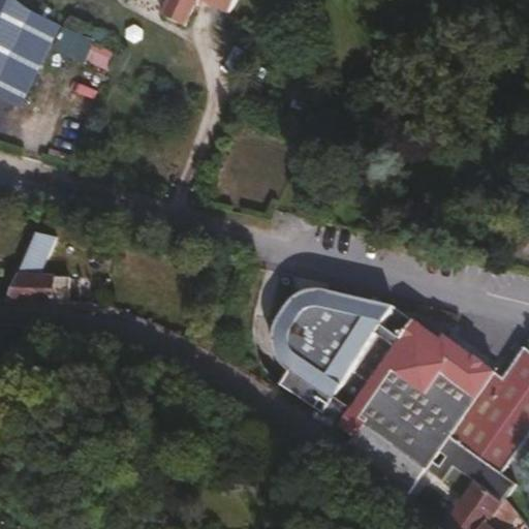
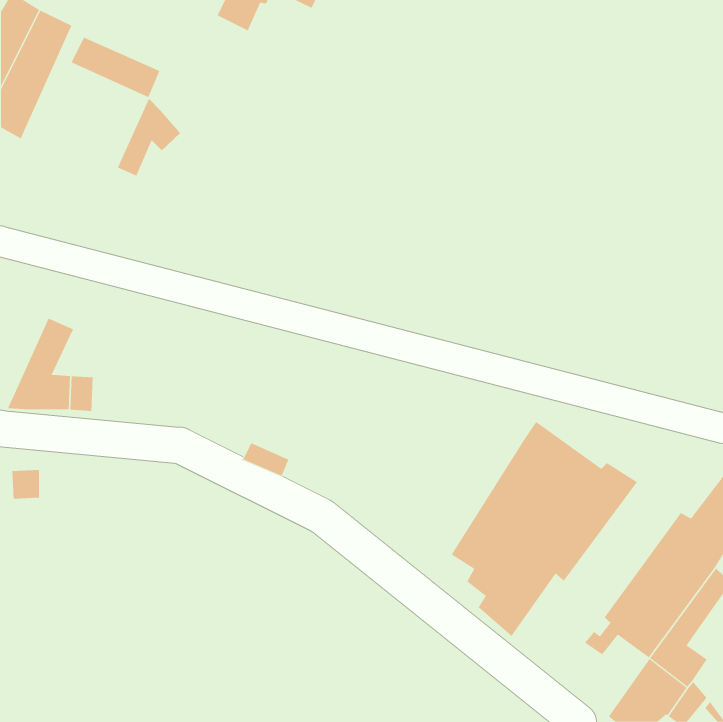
building: none -> [117,98,181,177]
building: [273,288,382,412] -> none
building: [374,351,497,491] -> none

